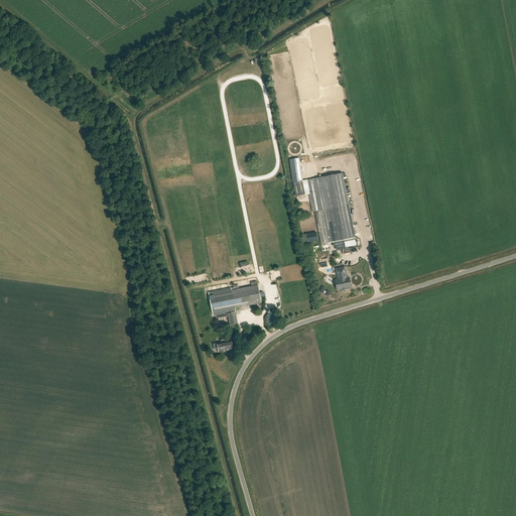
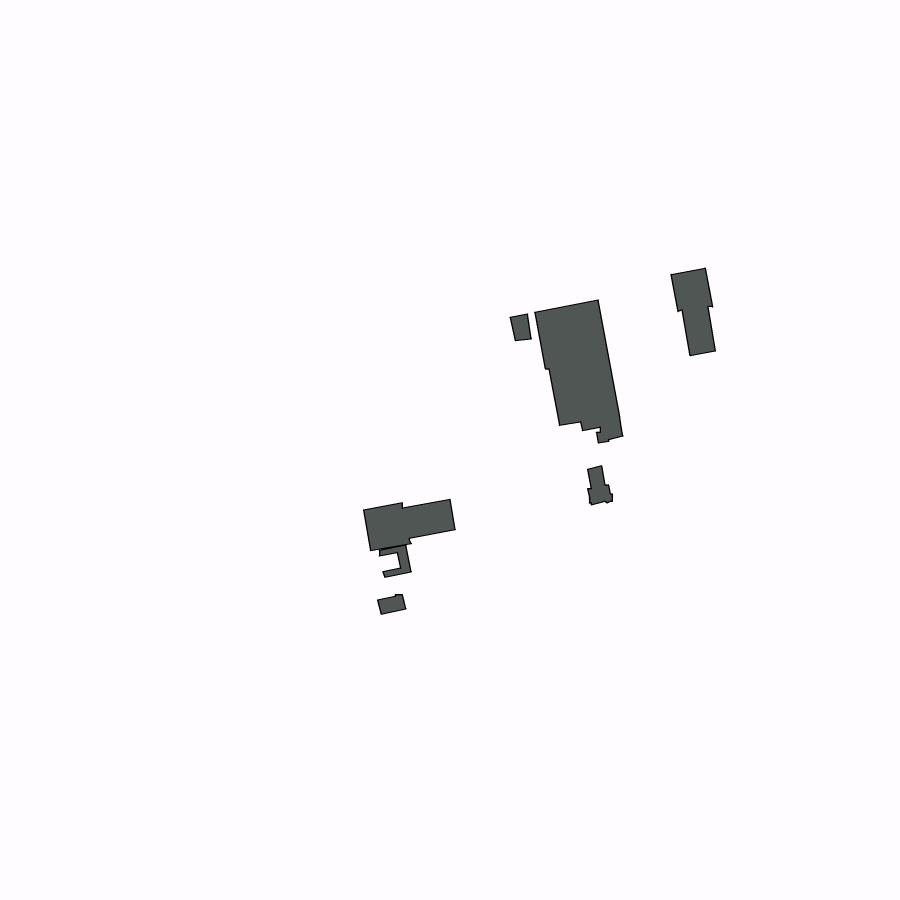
building: none -> [671,268,715,356]

